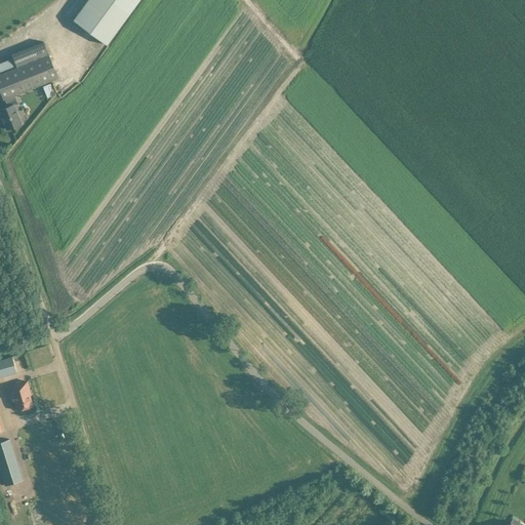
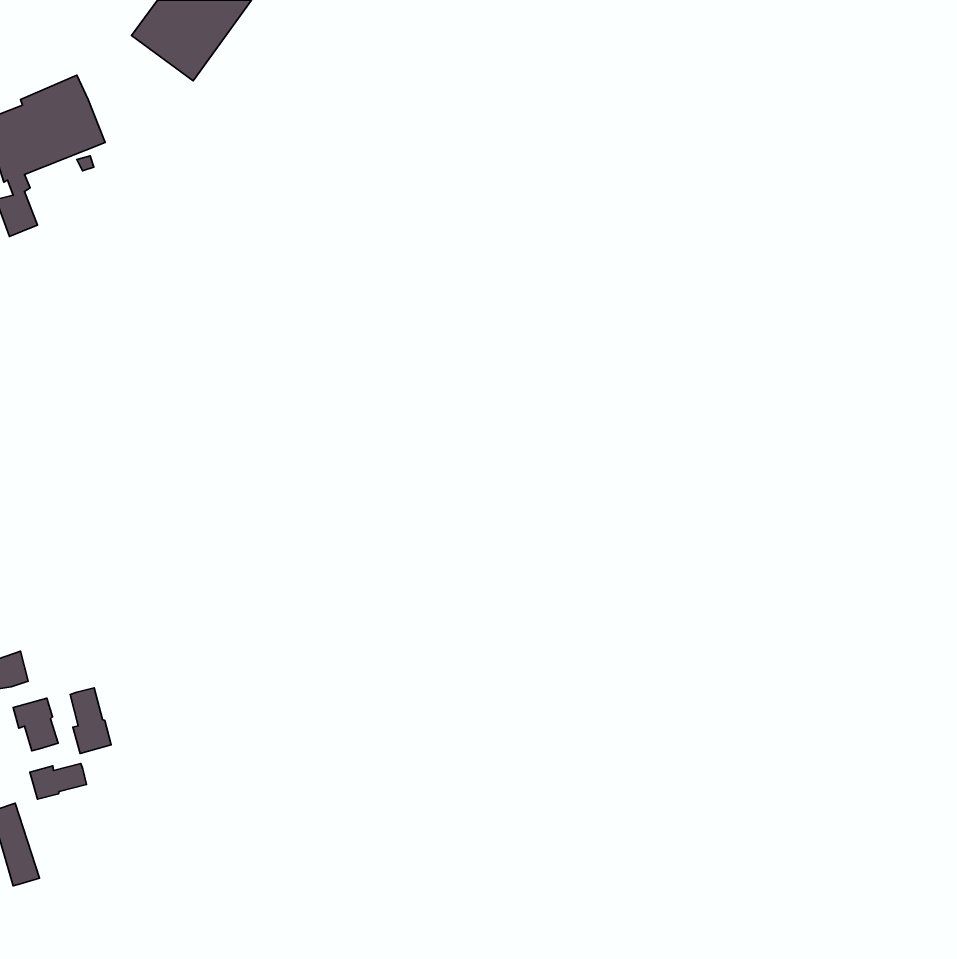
building: none -> [70,688,111,753]
building: none -> [30,763,87,799]

